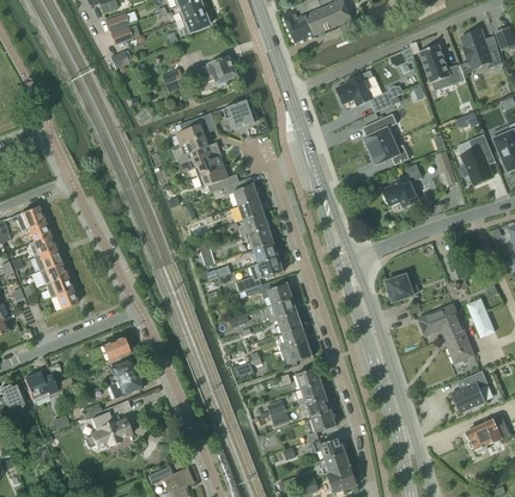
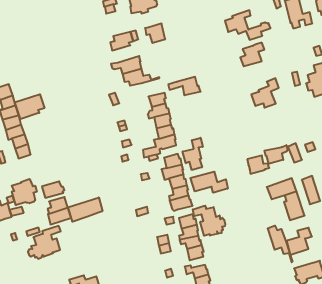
building: [178,134,219,163] -> none
building: [369,140,408,165] -> none
building: [213,177,260,205] -> [168,77,201,95]
building: none -> [15,94,44,119]
building: none -> [264,145,287,164]
building: none -> [183,138,203,170]
building: none -> [190,172,228,193]
building: none -> [12,179,37,205]
building: none -> [193,206,225,236]
building: none -> [68,197,102,222]
building: none -> [268,226,292,262]

